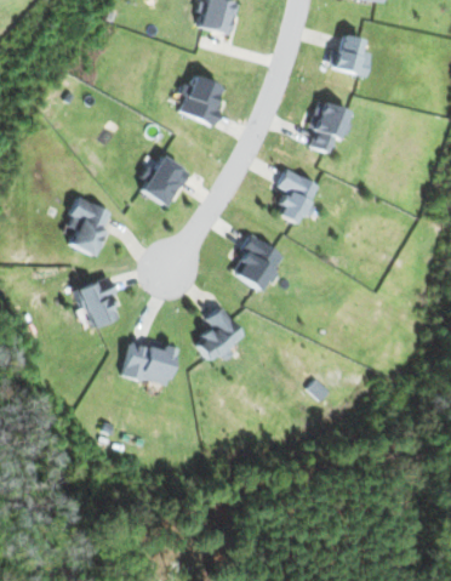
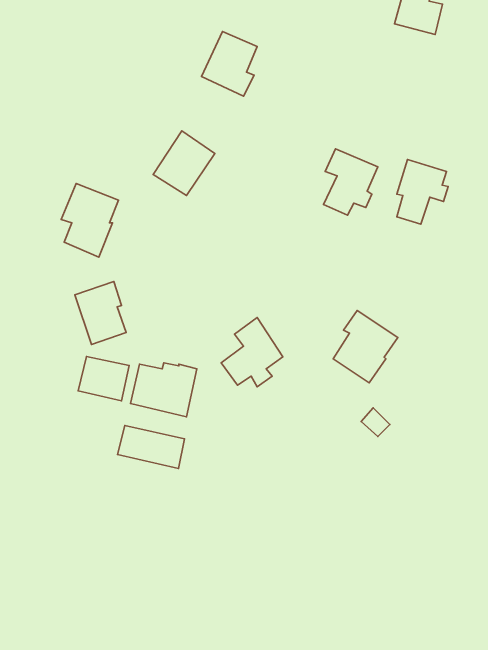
building: [310,101,352,153] -> [397,159,448,224]
building: [233,234,285,292] -> [333,311,398,383]
building: none -> [78,356,129,401]
building: none -> [117,426,185,469]

